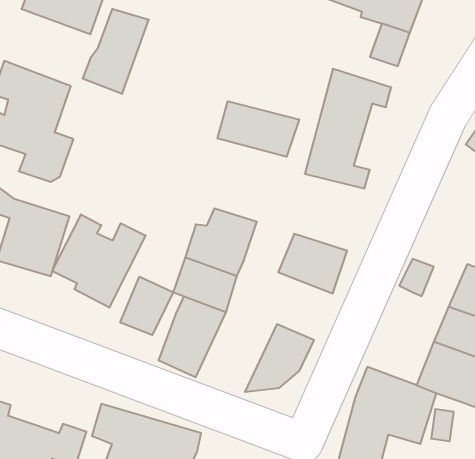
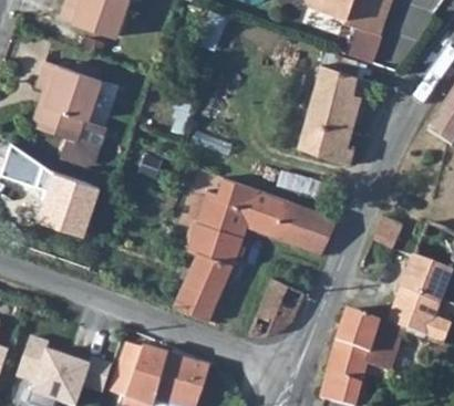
building: [83,9,149,94] -> none
building: [217,101,299,157] -> none
building: [52,214,146,308] -> none
building: none -> [245,191,287,233]
building: [120,277,173,335] -> none

